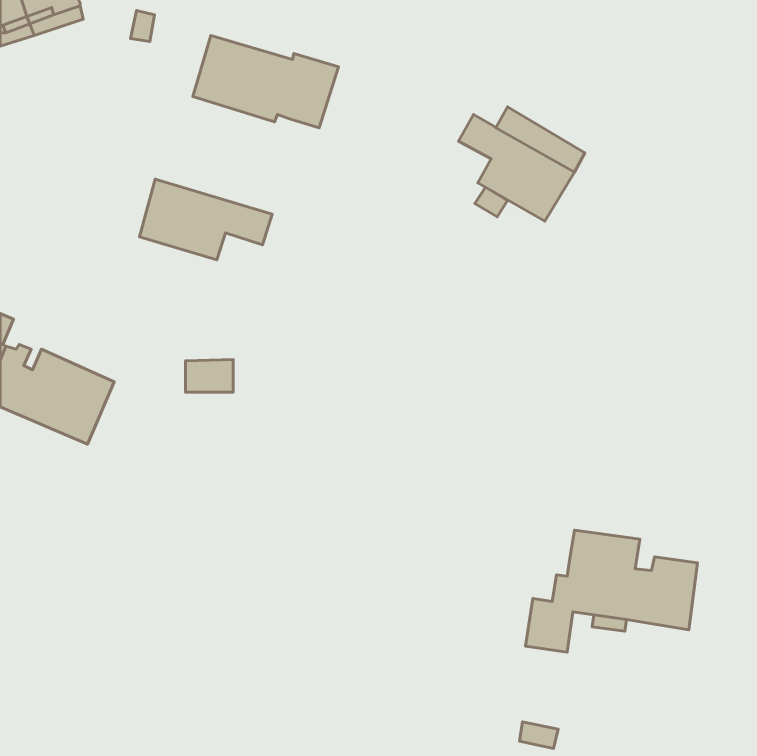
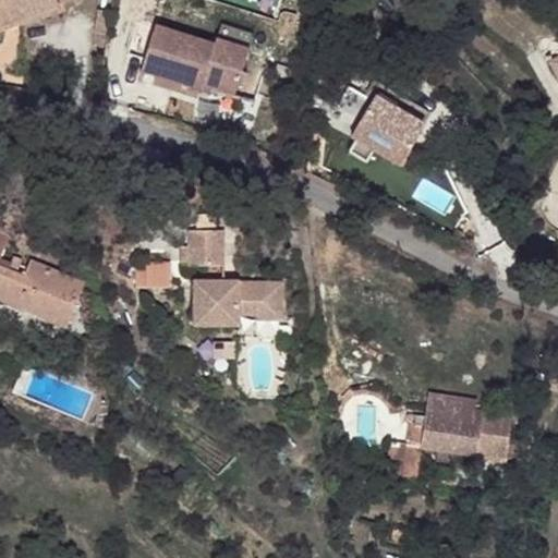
building: [139,179,272,260] -> none
building: none -> [182,227,223,264]
building: none -> [191,280,283,328]

